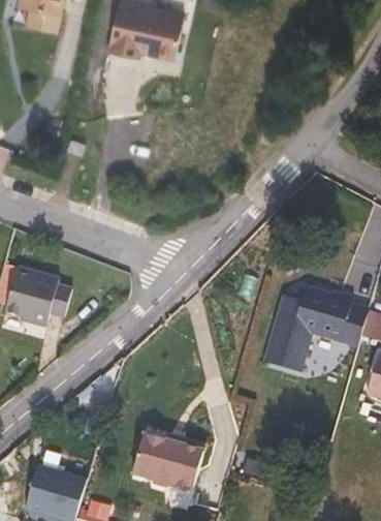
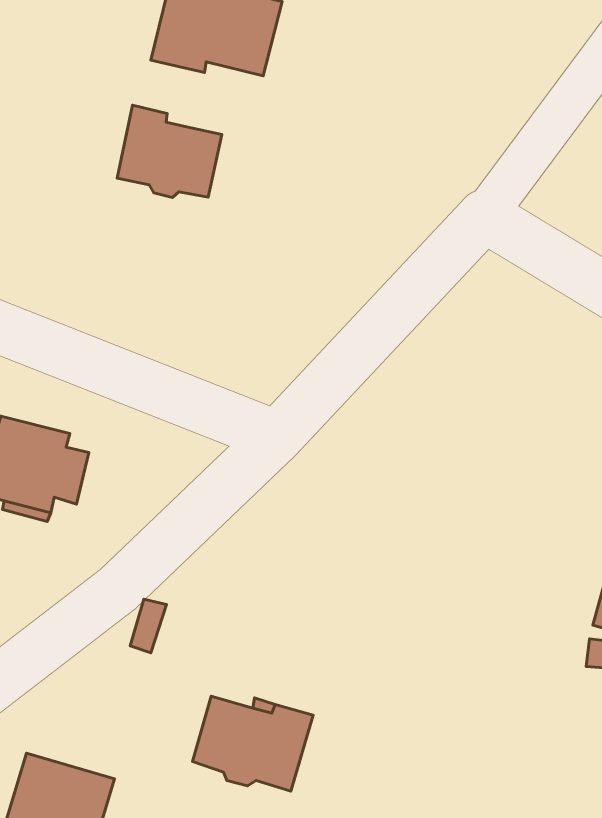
building: none -> [117,105,222,198]
building: [264,283,370,368] -> none

